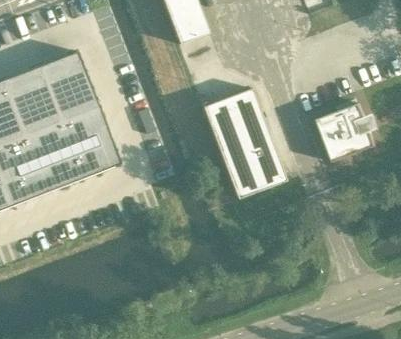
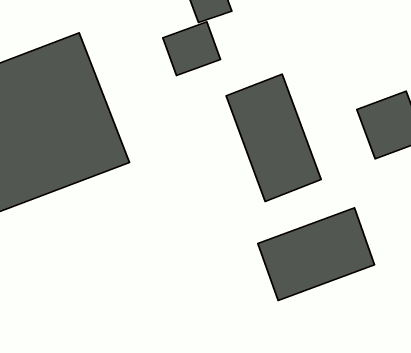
building: none -> [163,22,220,75]
building: none -> [258,208,375,301]

